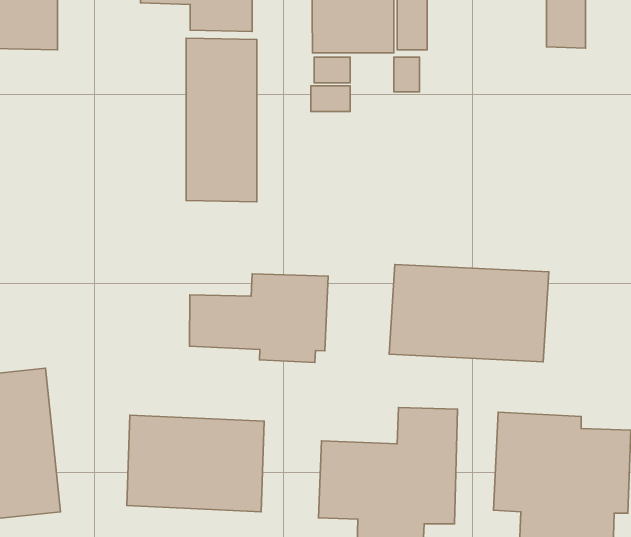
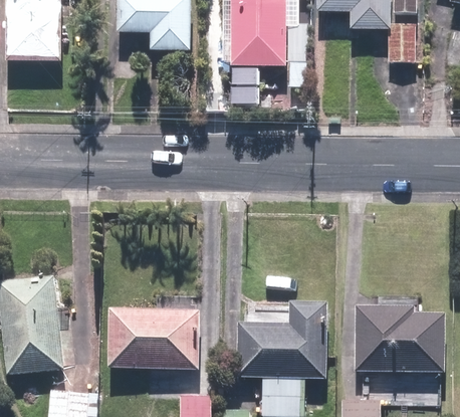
building: [186,38,257,202] -> none
building: [389,264,549,362] -> none
building: [190,274,328,362] -> none

